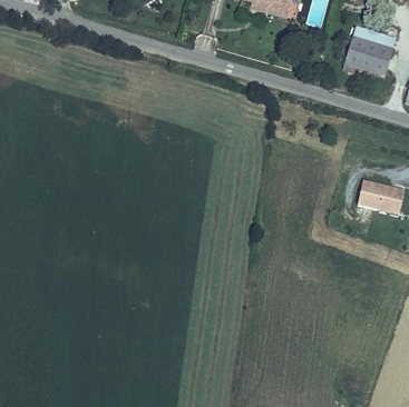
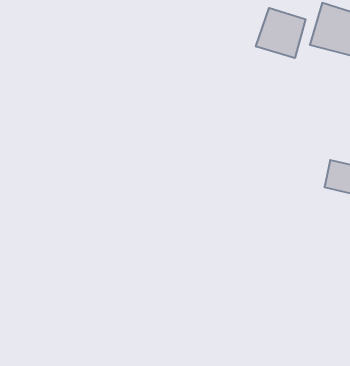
building: none -> [256,8,306,58]

